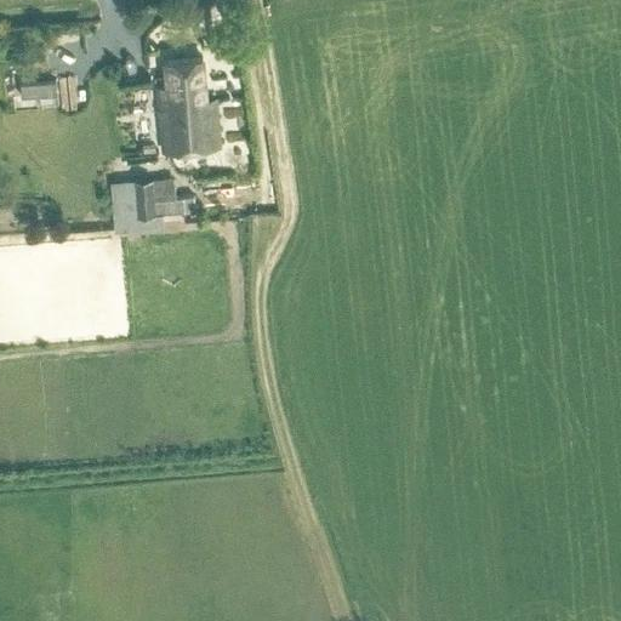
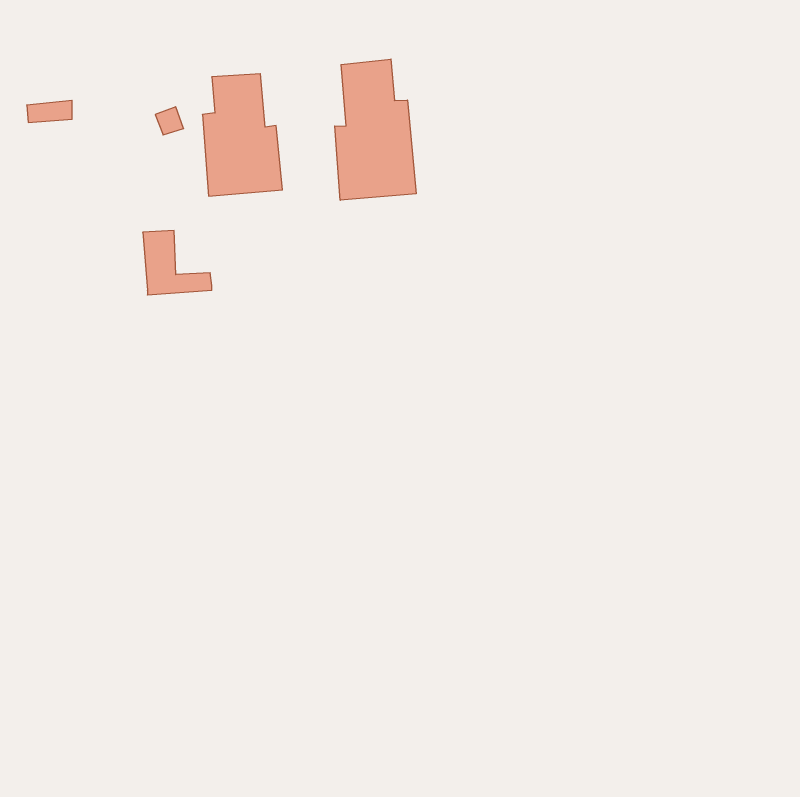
building: none -> [335,59,416,200]
building: [136,180,187,216] -> none

